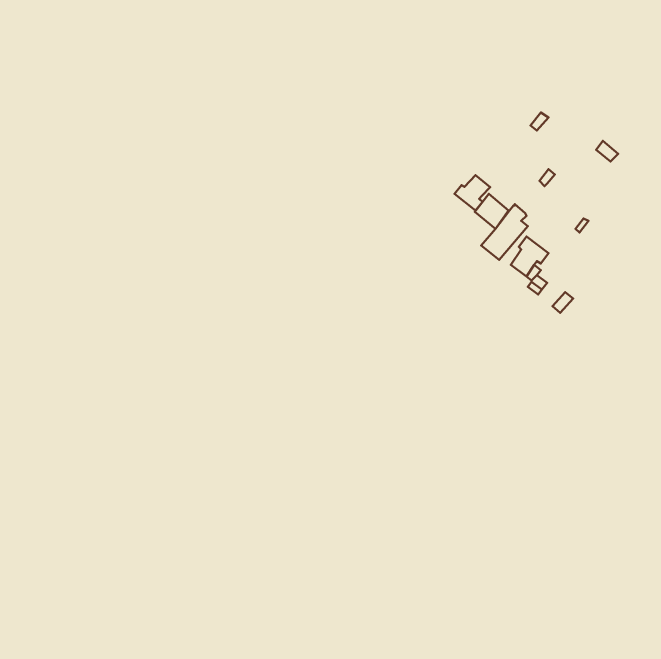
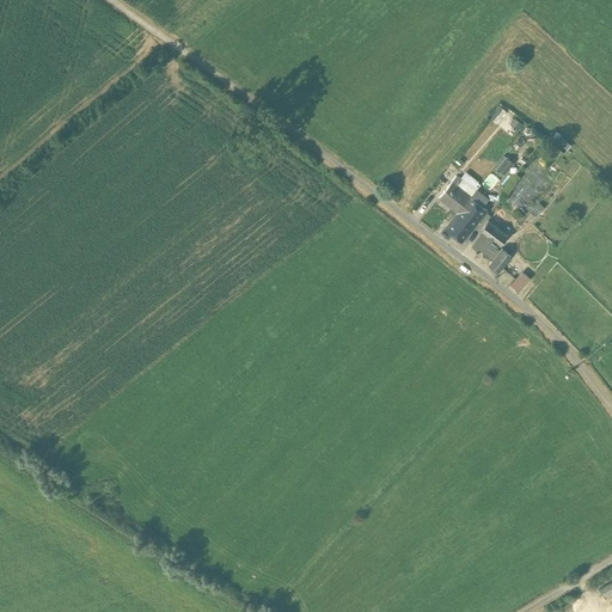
building: [454,175,490,211] -> none

